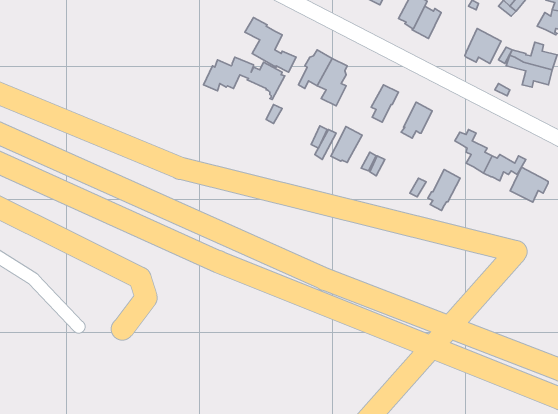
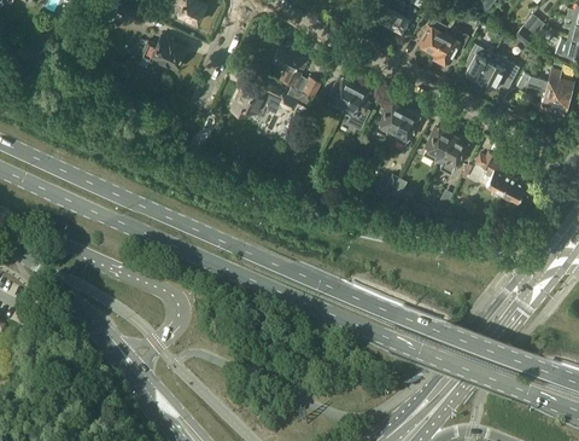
building: none -> [141,35,187,69]
building: none -> [464,45,497,82]
building: [331,126,362,163] -> [376,101,407,137]
building: [510,167,548,202] -> none
building: [428,169,460,211] -> [438,135,469,175]

